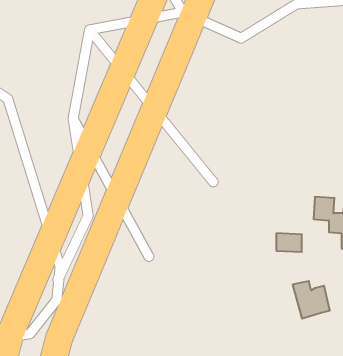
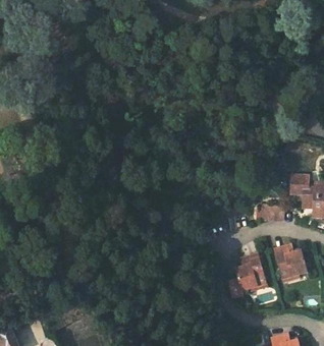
building: none -> [227,256,266,299]

